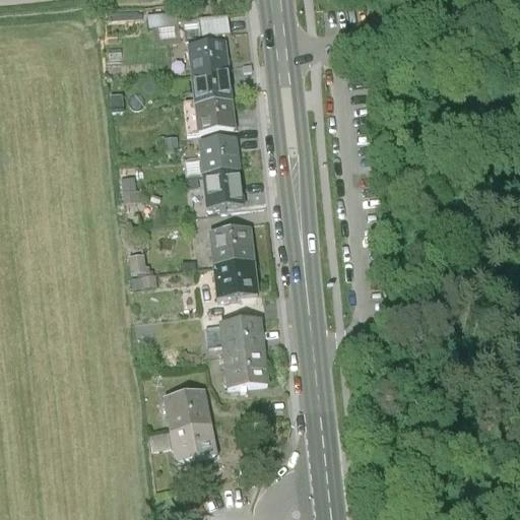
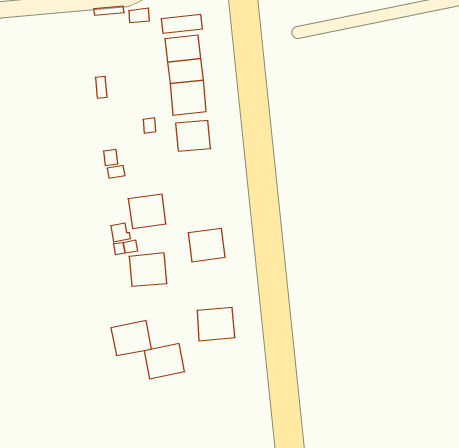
building: [202,168,242,203] -> none
building: [208,224,251,263] -> [128,194,166,228]
building: [220,313,263,350] -> [129,253,167,286]
building: [170,419,215,459] -> [111,321,151,356]

